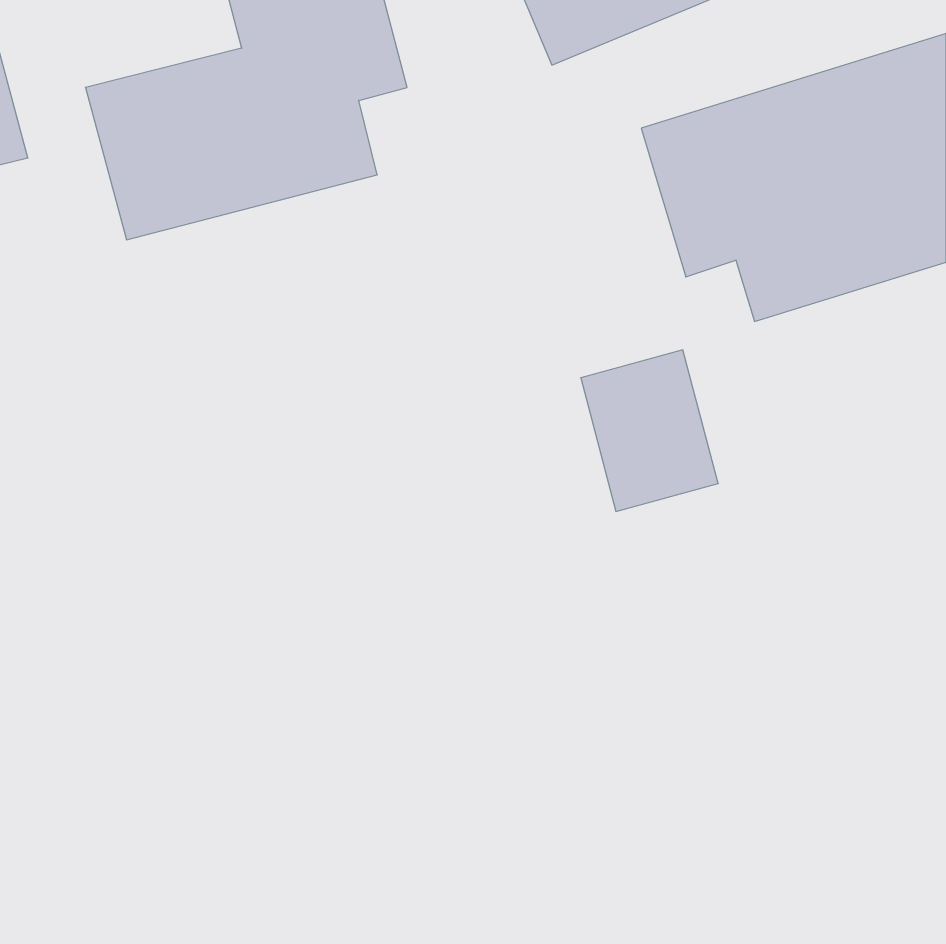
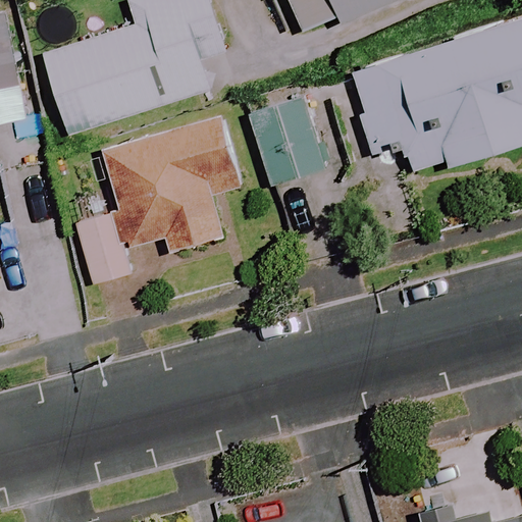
building: none -> [76,115,242,283]
building: [581,350,718,512] -> [250,99,325,188]

